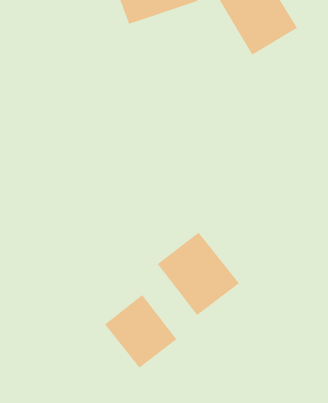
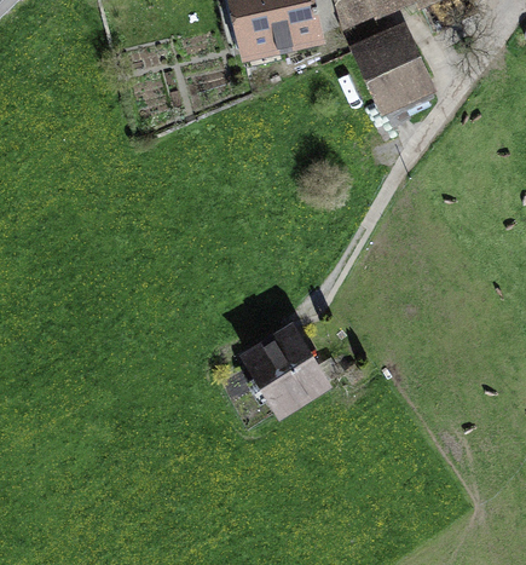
building: [104,294,177,369] -> none

